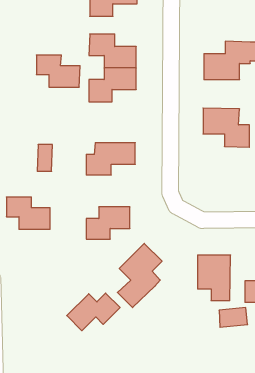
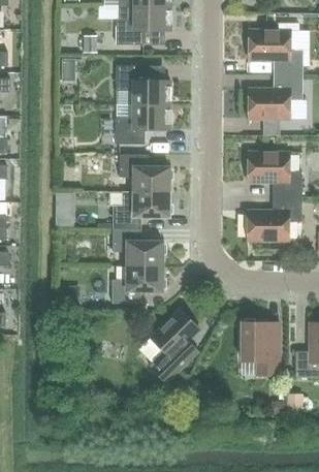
building: none -> [248,31,301,75]
building: [36,55,80,87] -> [119,155,169,192]
building: none -> [247,196,300,241]
building: [6,197,50,229] -> [111,229,162,266]
building: [67,293,120,331] -> none

